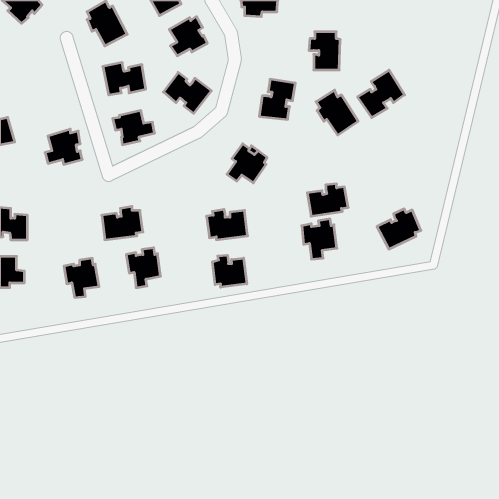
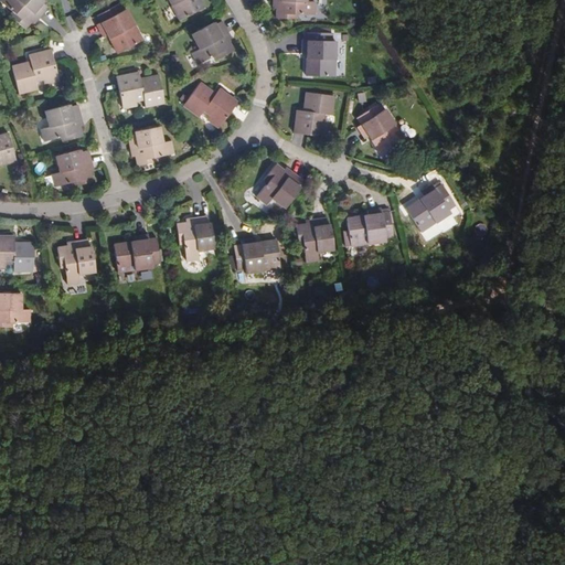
building: [309,32,340,70] -> [299,32,334,75]
building: none -> [11,49,57,93]
building: [358,70,405,118] -> none
building: none -> [40,104,82,141]
building: [377,209,421,249] -> [411,189,460,234]
building: [302,219,337,259] -> [295,217,334,263]
building: [126,248,161,288] -> [175,215,214,260]
building: [213,255,247,287] -> none
building: [64,258,99,297] -> [55,238,95,282]

